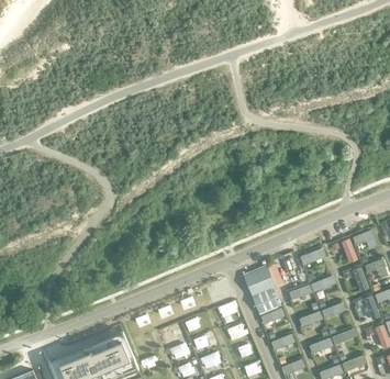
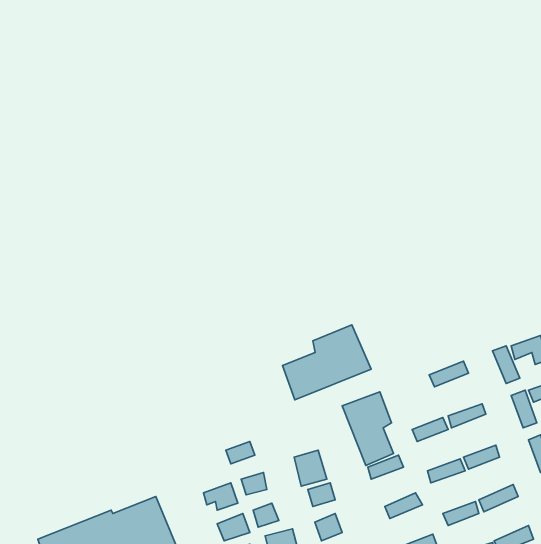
building: none -> [283,325,371,400]

